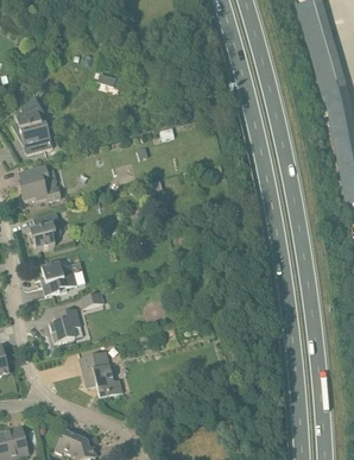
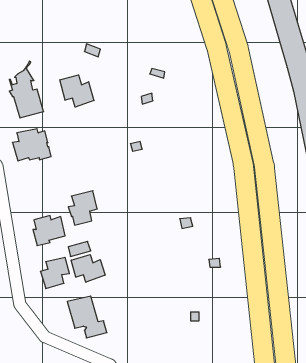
building: none -> [60,75,94,107]
building: [30,210,62,248] -> [68,191,97,225]
building: none -> [71,255,105,282]

